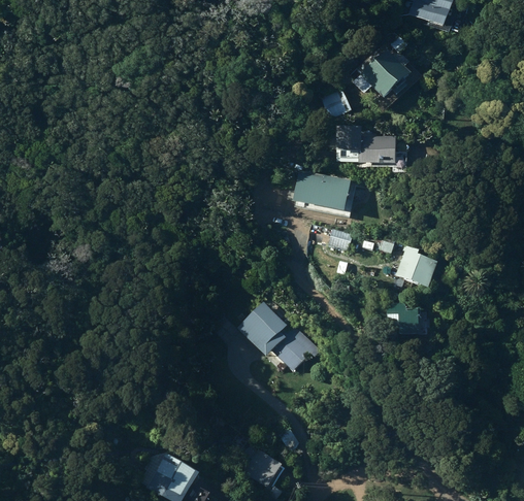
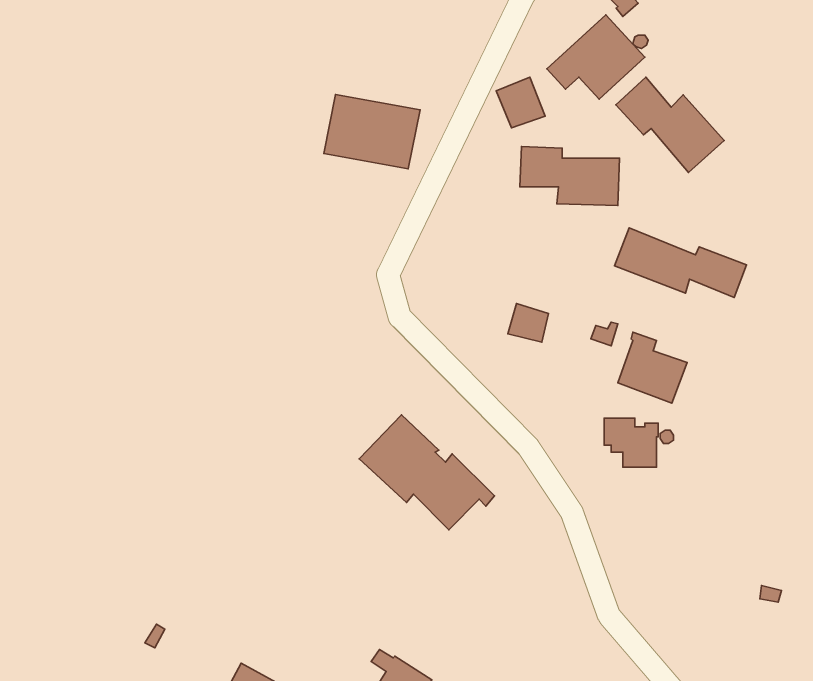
building: none -> [616,77,724,173]
building: [291,171,350,216] -> [324,95,420,169]
building: none -> [615,228,747,297]

